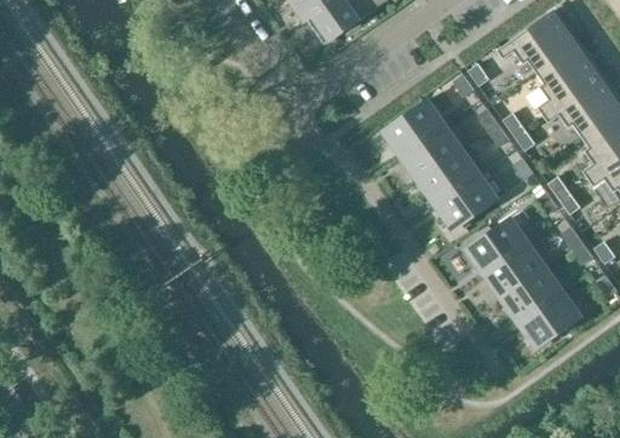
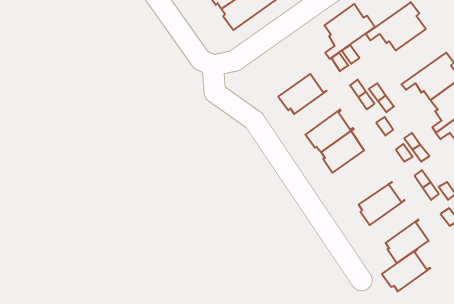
building: [536,44,602,115] -> [324,4,375,59]
building: [404,123,464,180] -> none
building: [467,219,530,271] -> none
building: [503,266,566,321] -> [382,249,430,291]

